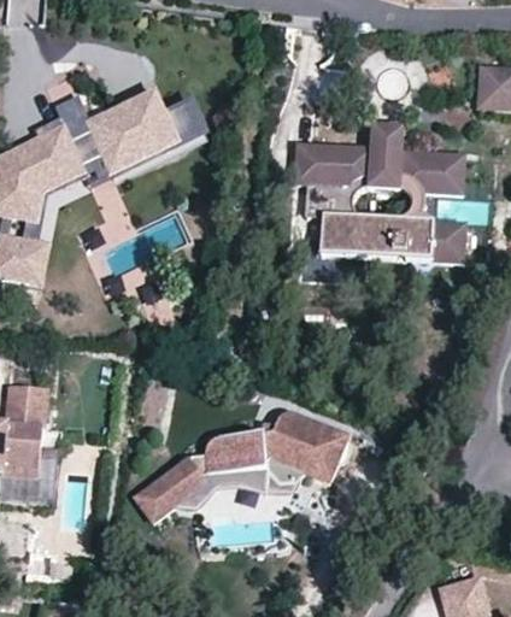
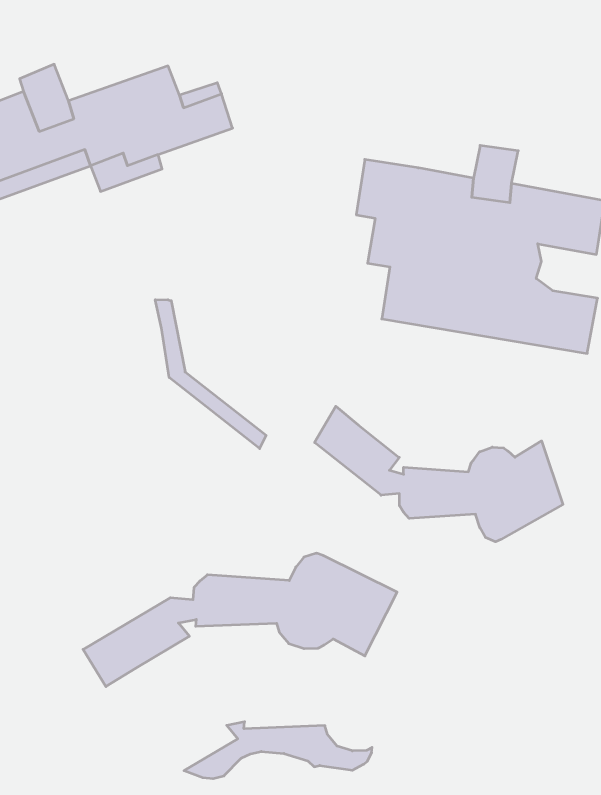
building: none -> [155,300,266,449]
building: none -> [315,406,563,542]
building: [171,465,299,509] -> [184,722,372,779]

